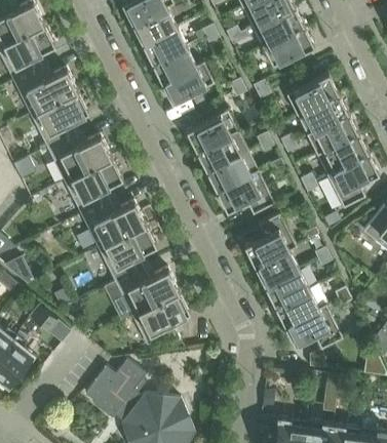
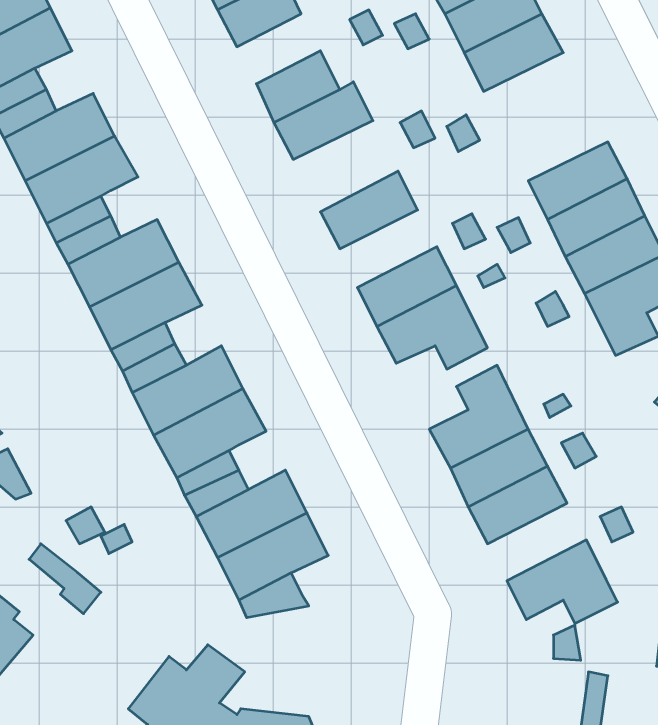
building: [143,27,187,64] -> none
building: [286,74,339,115] -> none
building: [197,130,248,171] -> none
building: [275,285,327,326] -> none

